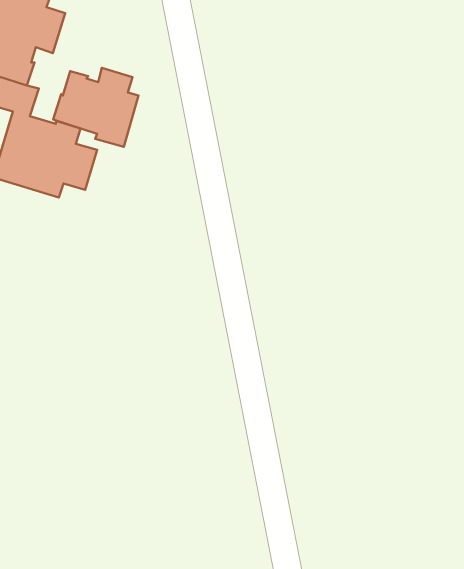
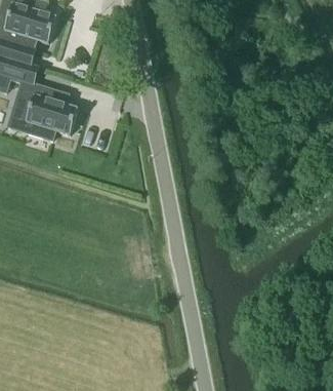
building: [53,68,139,147] -> none

